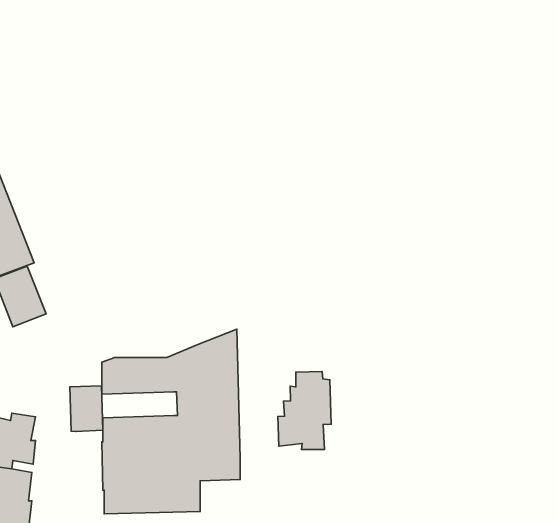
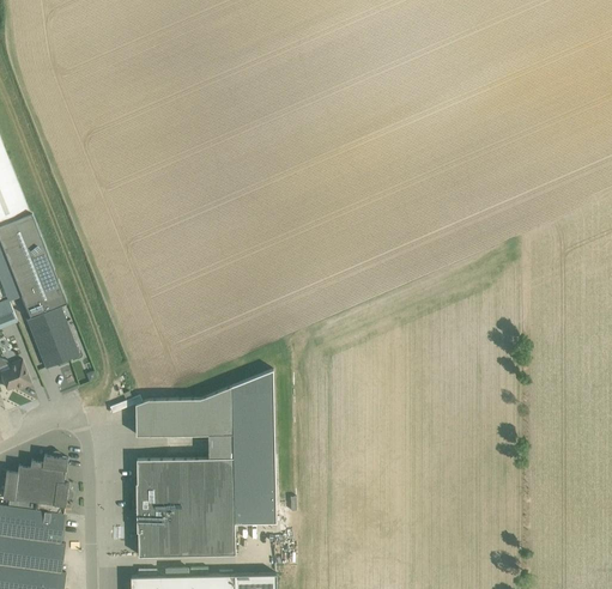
building: [278,371,331,450] -> none
building: [70,386,103,431] -> none

